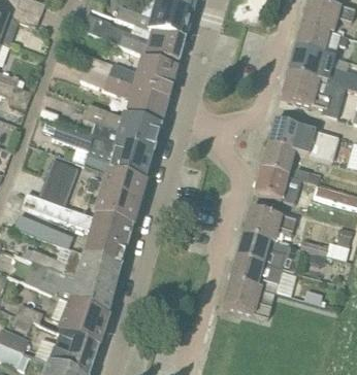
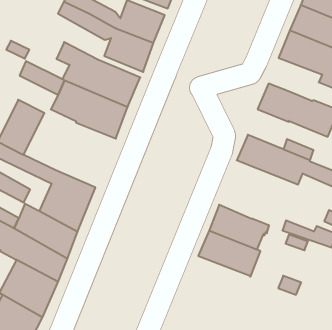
building: [261,143,296,175] -> none
building: [94,173,144,229] -> none
building: [242,207,296,241] -> none
building: [222,279,275,317] -> none

